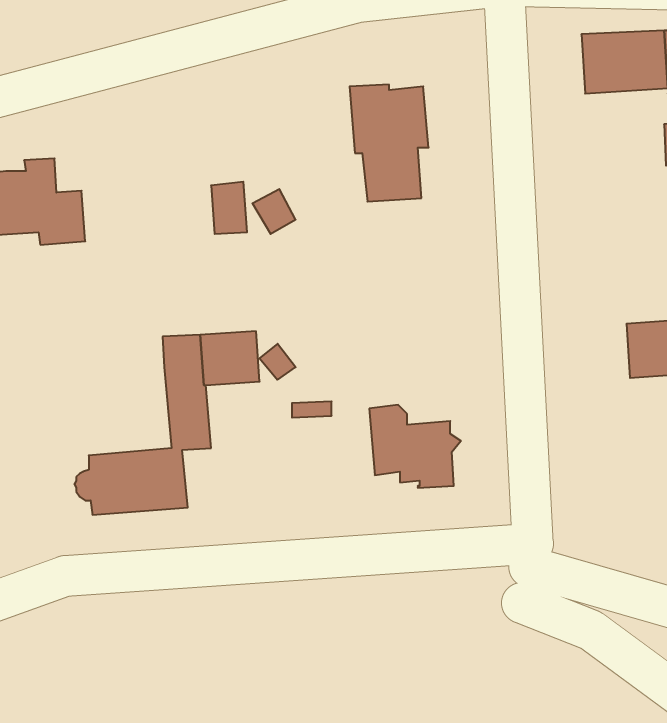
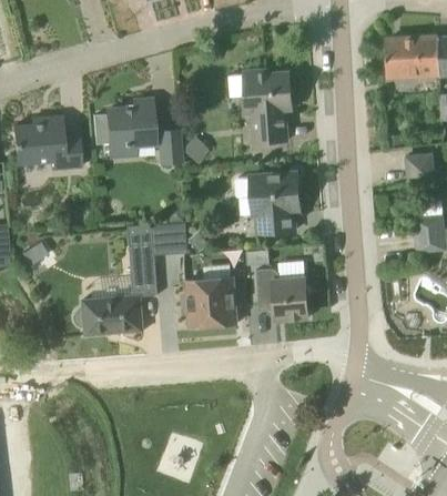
building: none -> [93,100,155,148]
building: none -> [406,154,434,183]
building: none -> [235,173,301,234]
building: none -> [182,279,237,327]

